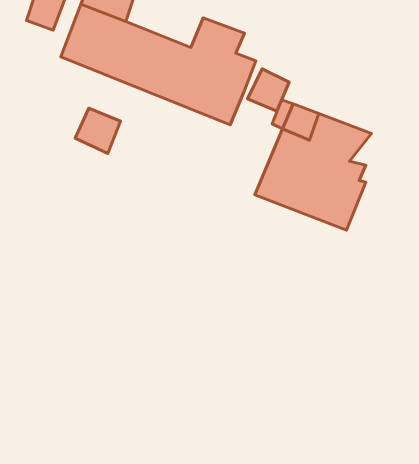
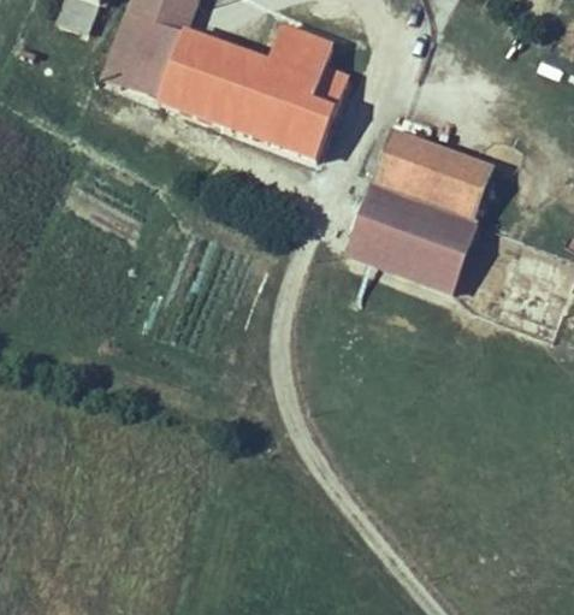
building: [248,69,289,111] -> none
building: [75,108,121,153] -> none

